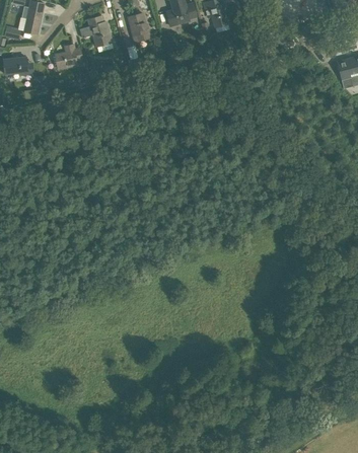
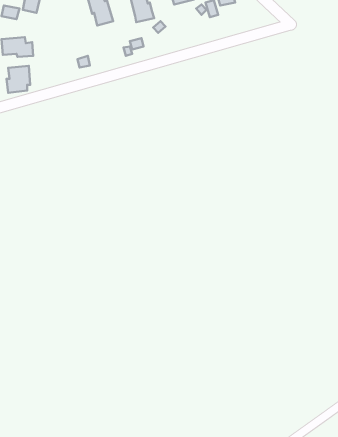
building: [54,45,83,69] -> none
building: none -> [7,66,30,93]

